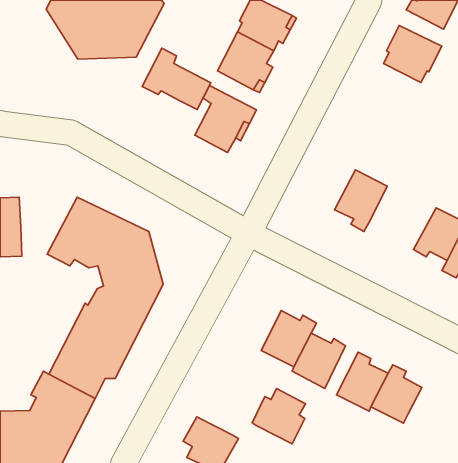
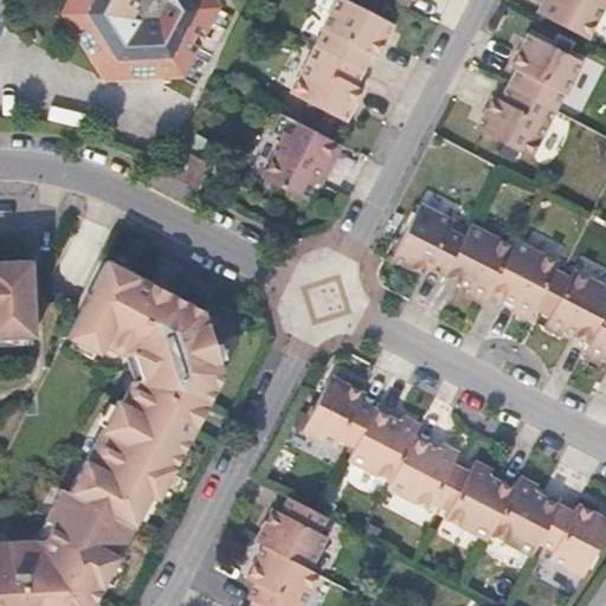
building: [142,48,211,110] -> none
building: none -> [476,84,556,156]
building: none -> [392,202,464,275]
building: none -> [490,240,557,318]
building: none -> [303,376,374,446]
building: none -> [540,505,599,568]
building: [252,388,306,444] -> [258,496,328,568]

